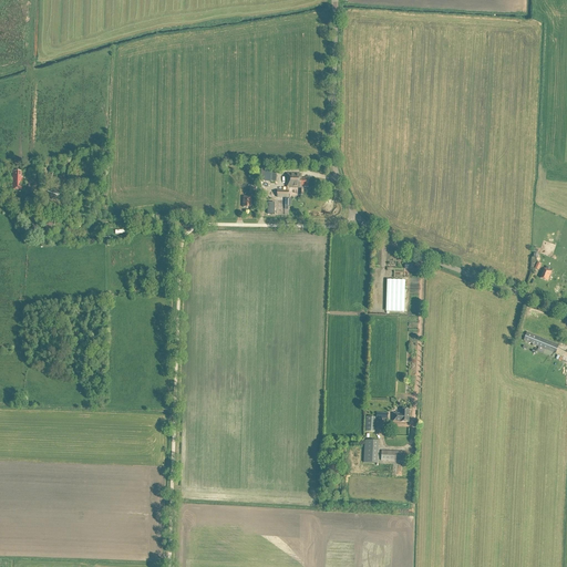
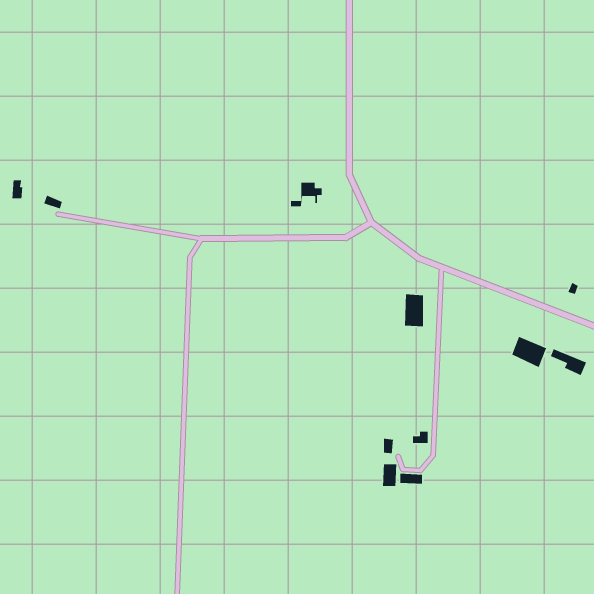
building: none -> [511,336,547,368]

